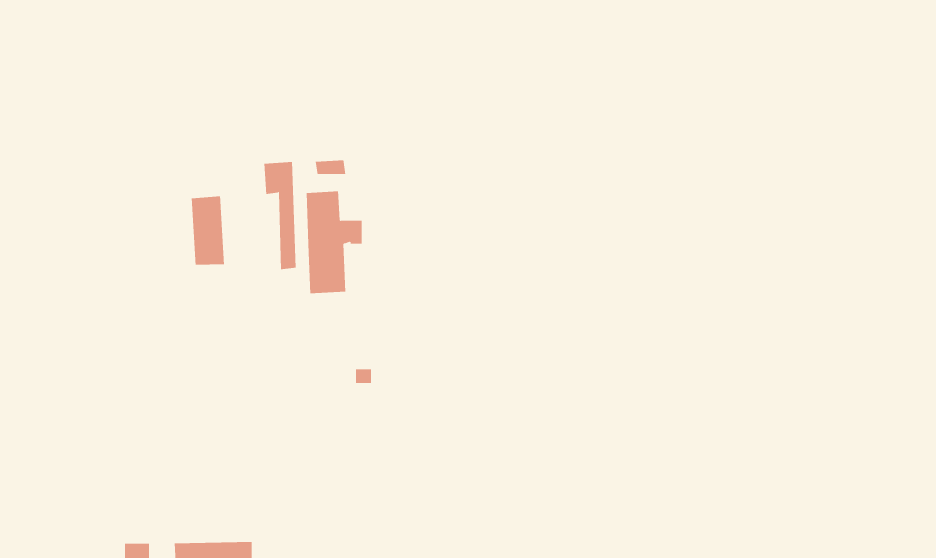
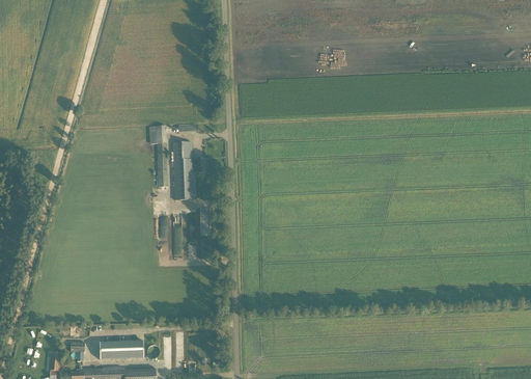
building: [191,196,225,266] -> none

